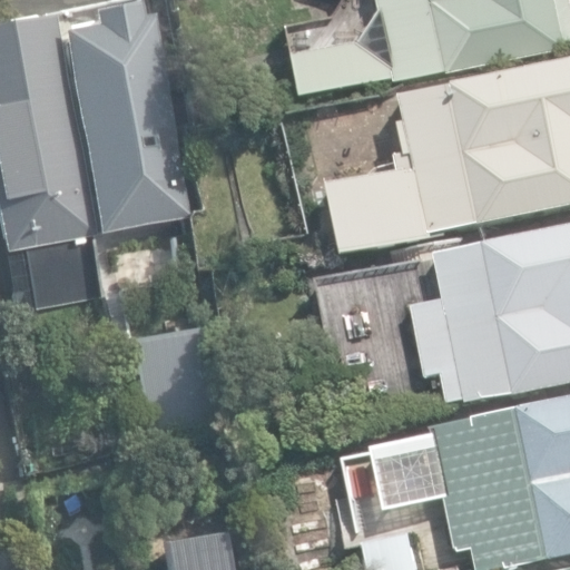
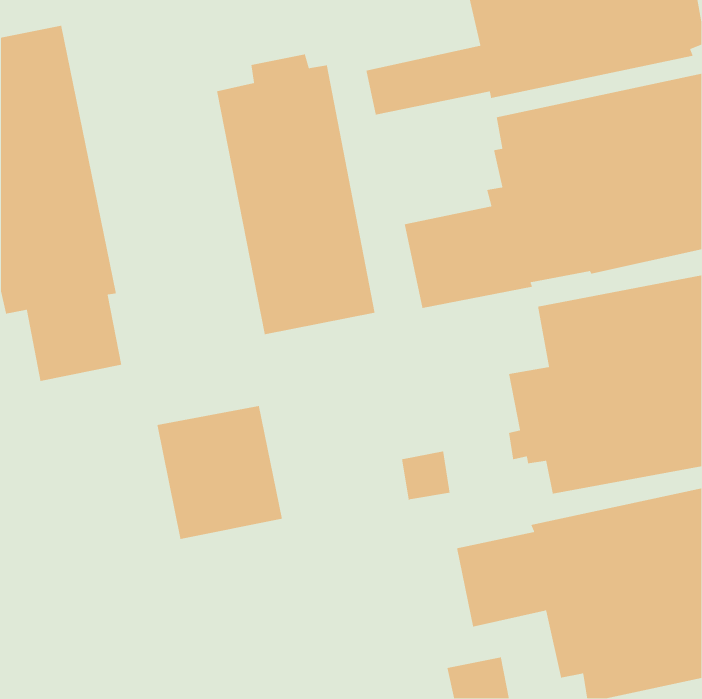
building: [59,8,188,236] -> [216,54,375,335]

